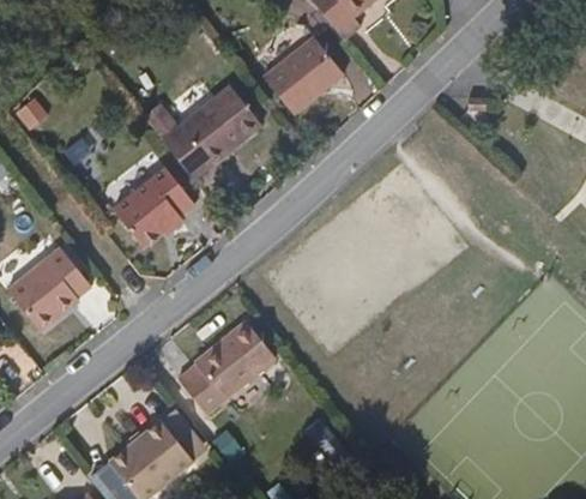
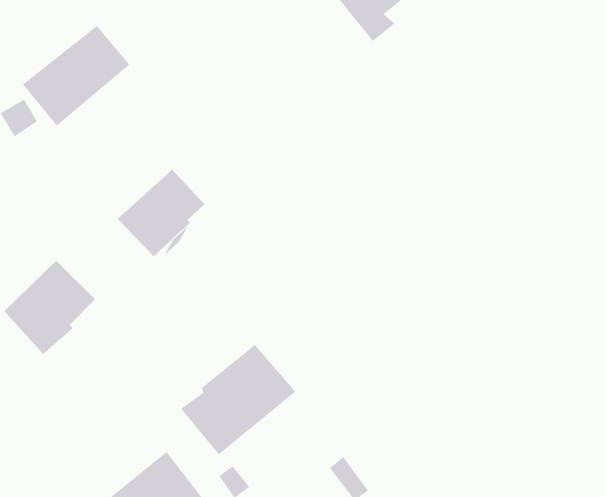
building: [264,34,346,110] -> none
building: [161,80,259,173] -> [22,25,130,127]

